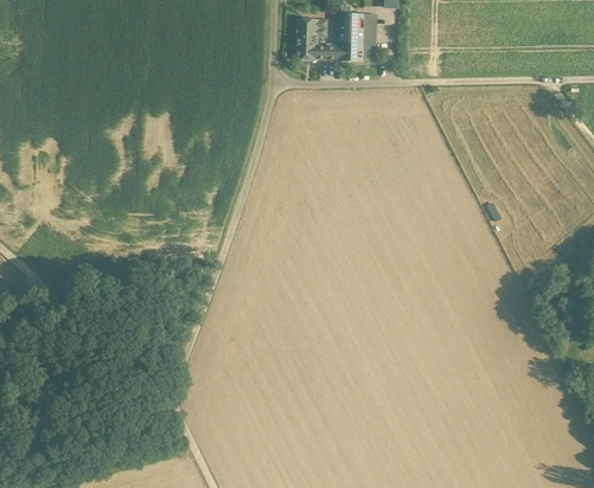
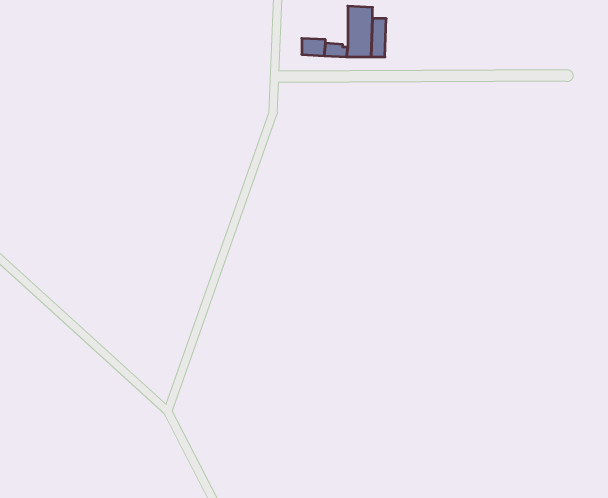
building: [295,17,318,43] -> none

